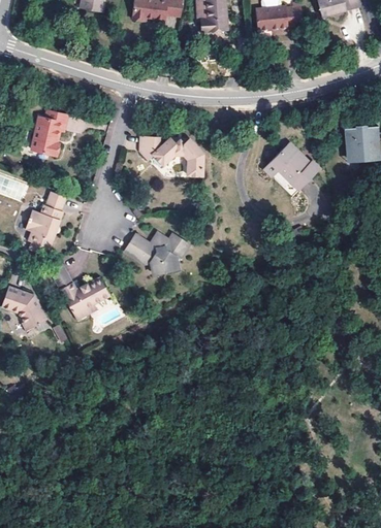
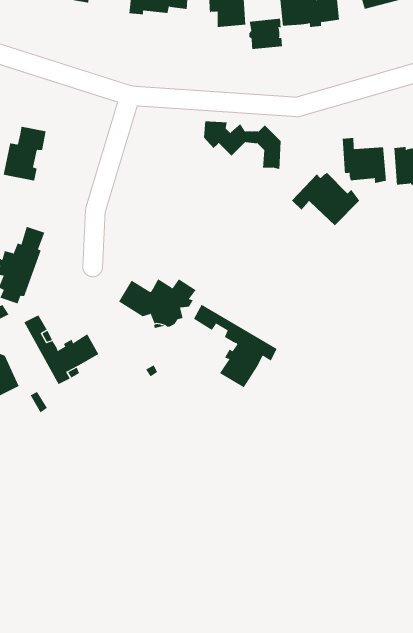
building: none -> [249,18,282,50]
building: none -> [342,137,387,184]
building: [139,137,202,176] -> [203,121,281,169]
building: none -> [193,304,277,388]

